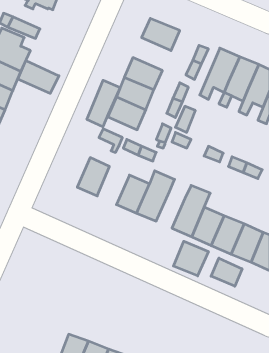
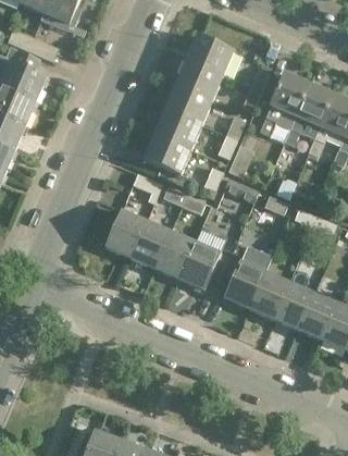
building: none -> [175,59,223,100]
building: [18,61,59,93] -> none
building: [87,80,120,127] -> none
building: none -> [130,220,171,268]
building: [173,241,208,276] -> none
building: [211,258,242,286] -> none

